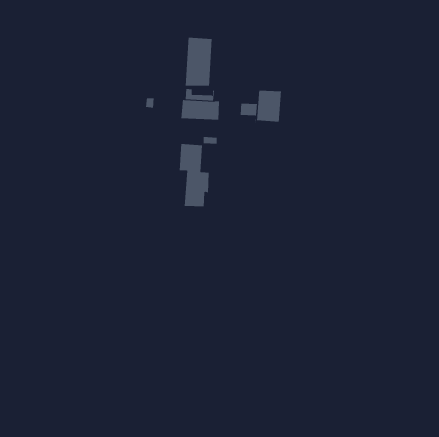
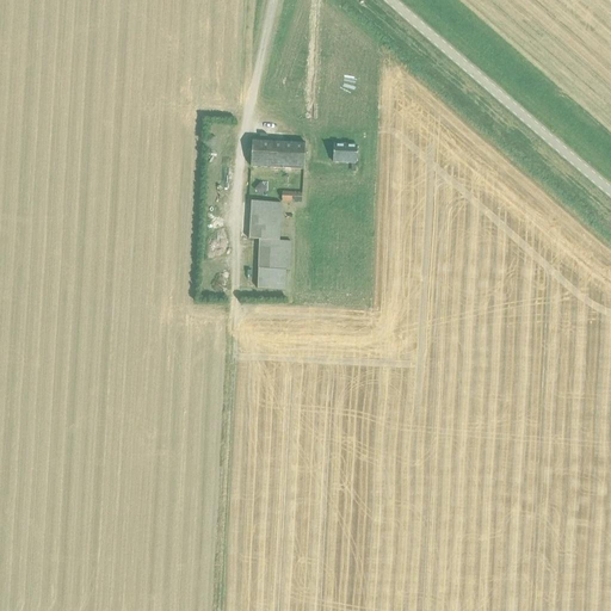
building: [185,37,212,87] -> none
building: [257,90,282,122] -> none

